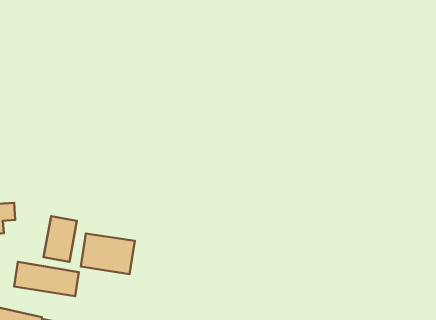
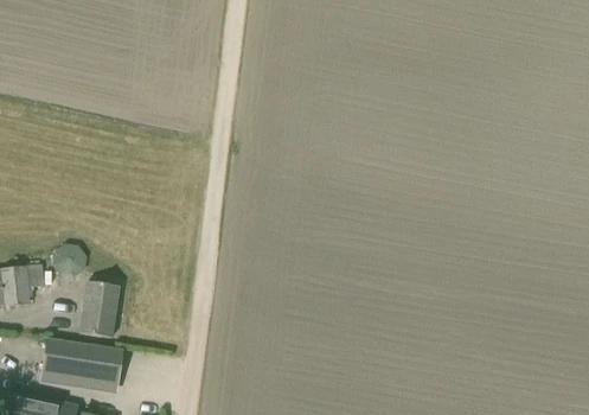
building: none -> [53,244,88,279]
building: [81,233,135,274] -> none

